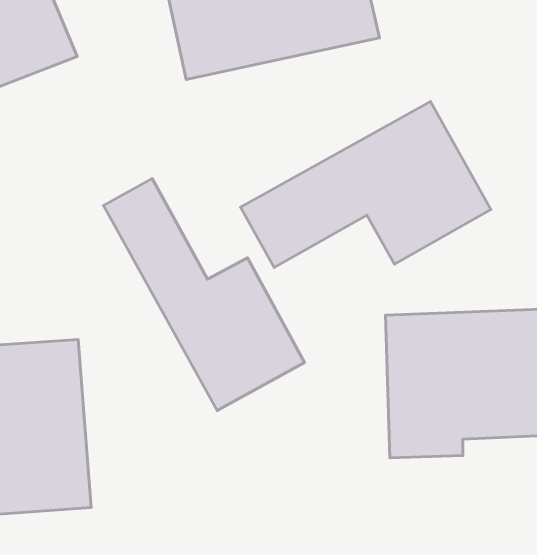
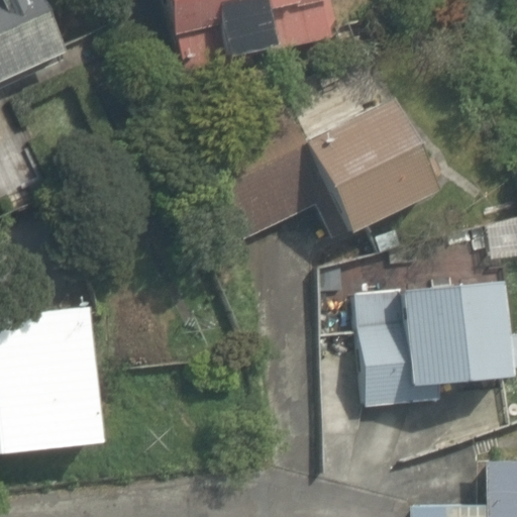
building: [103,179,305,410] -> none

